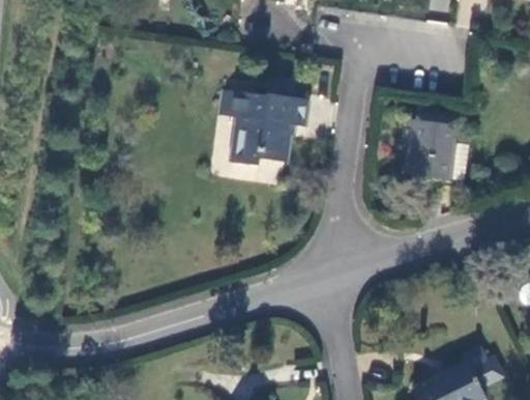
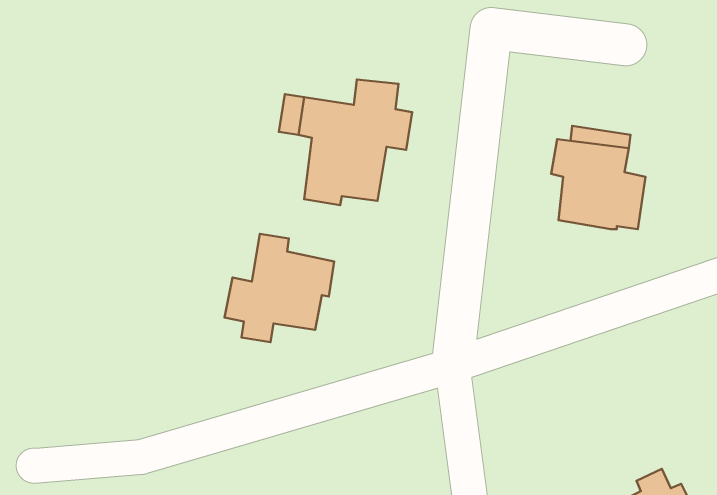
building: none -> [224,234,334,342]

